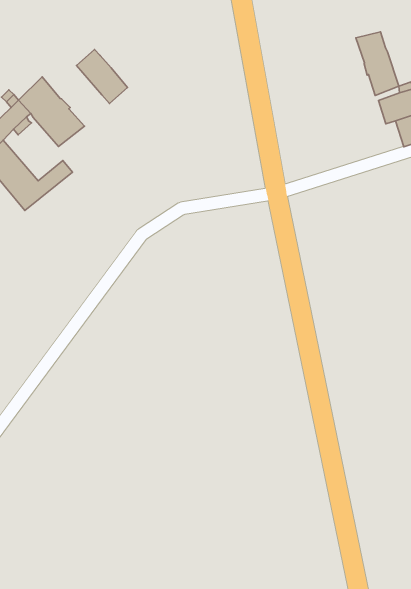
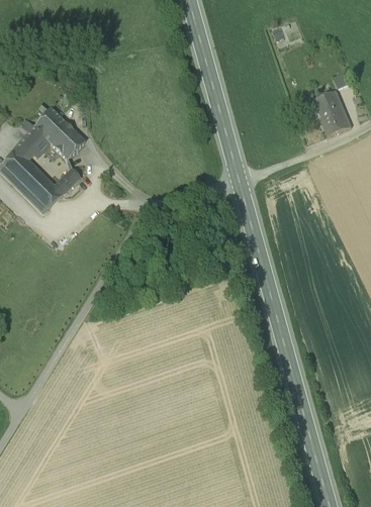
building: [356,32,399,96] -> none
building: [77,49,127,104] -> none

